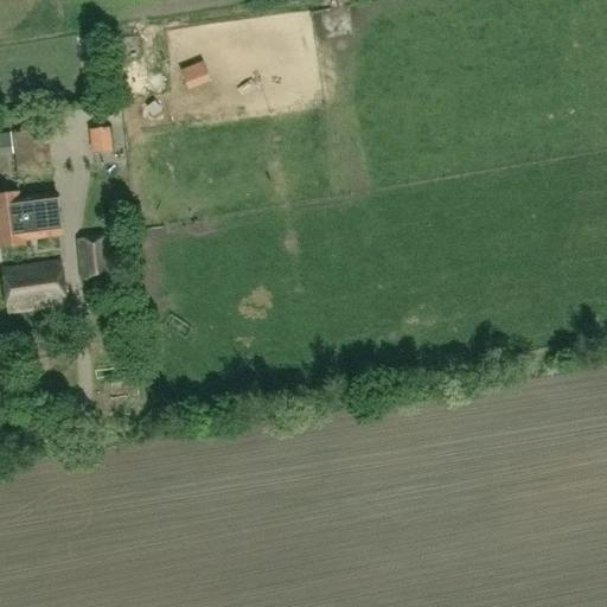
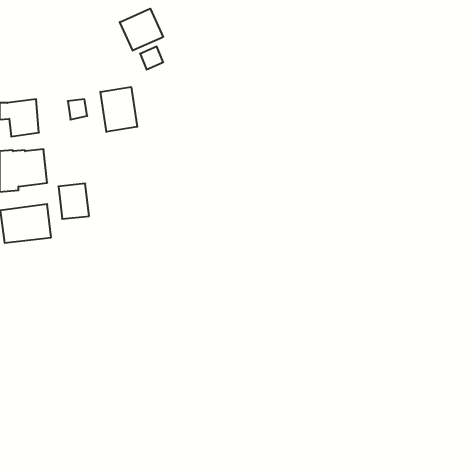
building: none -> [120,9,163,51]
building: none -> [100,87,137,132]

